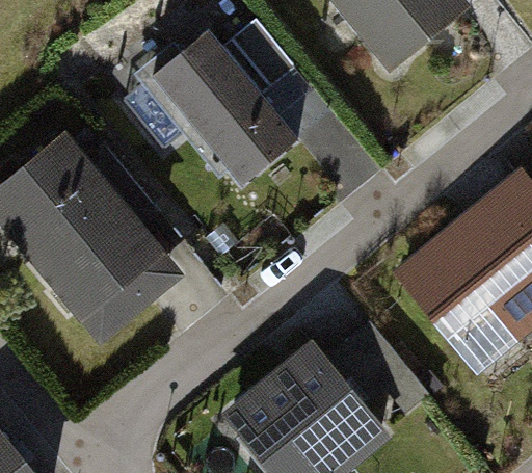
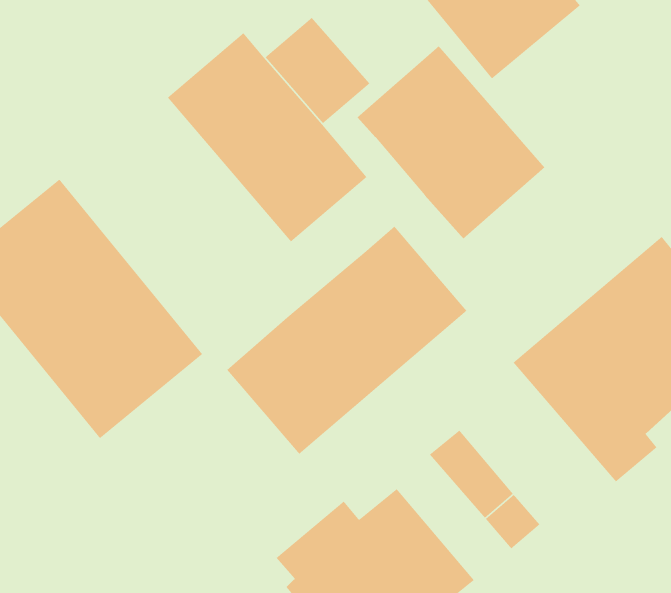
building: none -> [357,45,546,239]
building: none -> [226,226,467,455]

